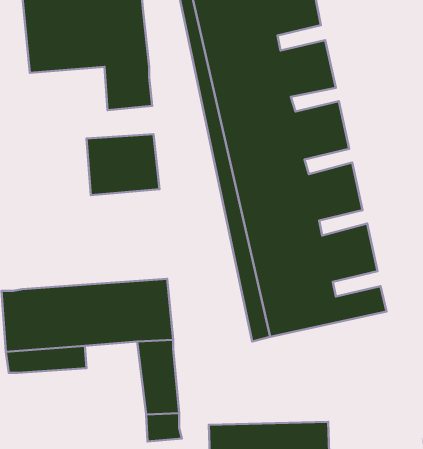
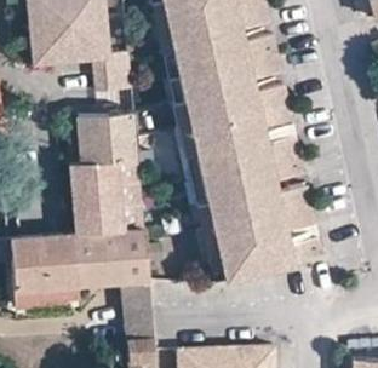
building: none -> [69,156,144,234]

